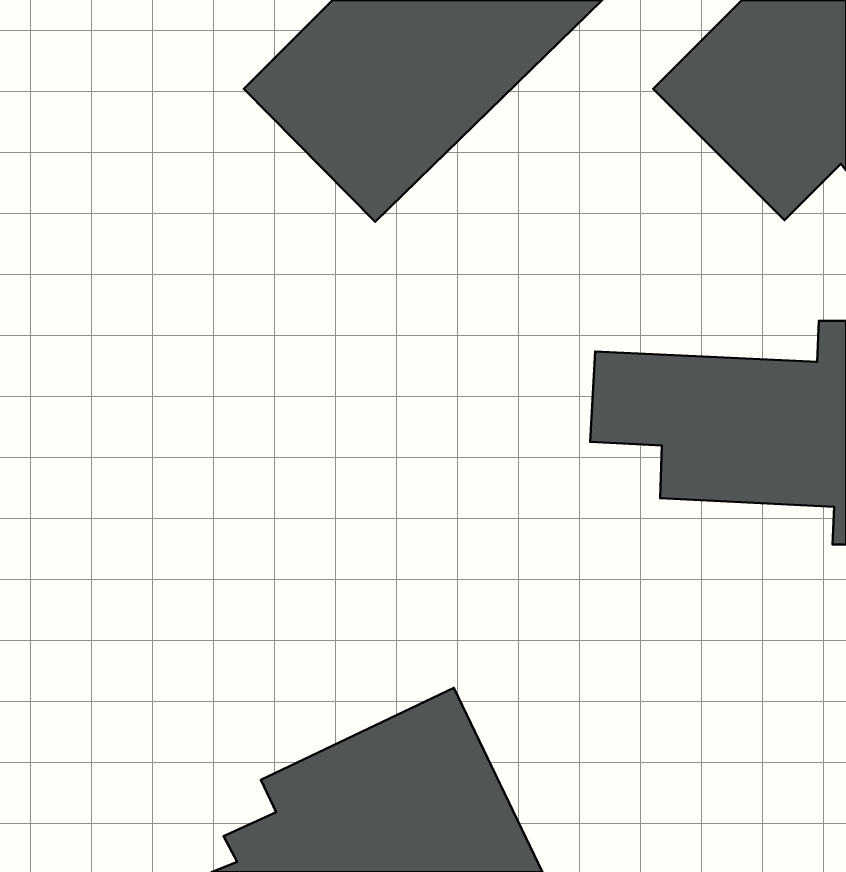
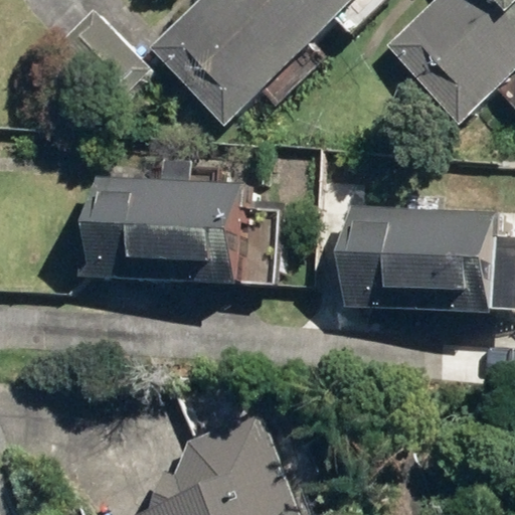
building: none -> [89,162,283,292]

